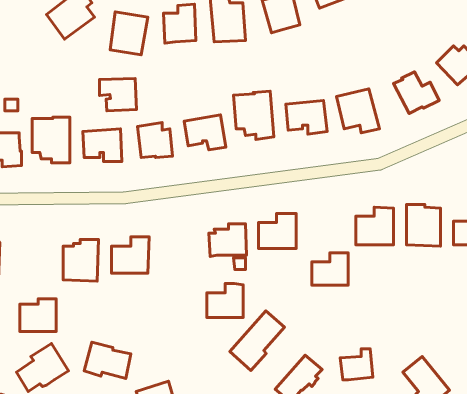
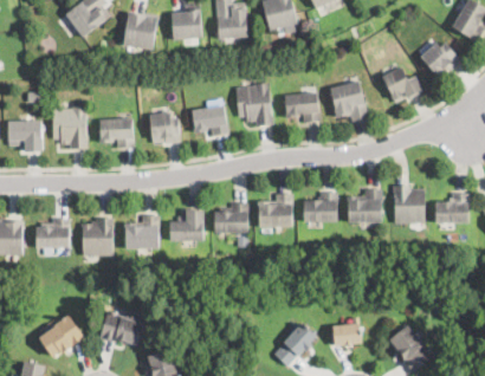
building: [100,79,136,111] -> none
building: [312,253,348,285] -> [303,193,336,222]
building: [207,284,243,317] -> [169,210,202,241]
building: [20,299,56,331] -> [35,219,69,248]
building: [230,311,284,371] -> none

